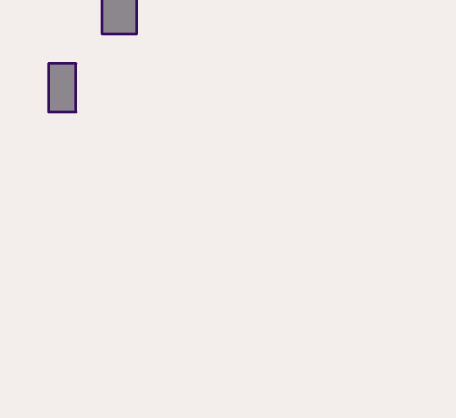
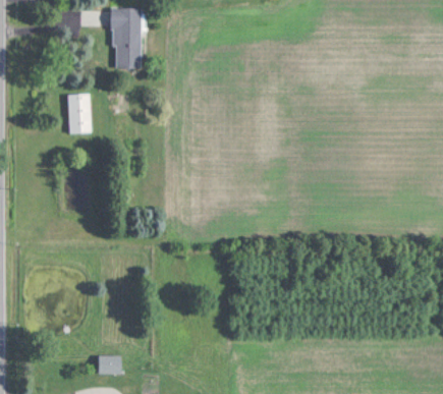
building: none -> [98,355,120,375]

